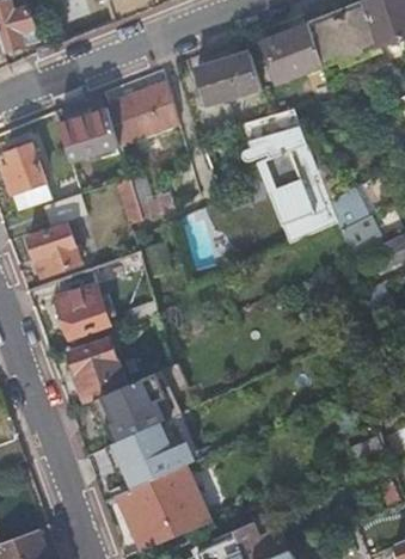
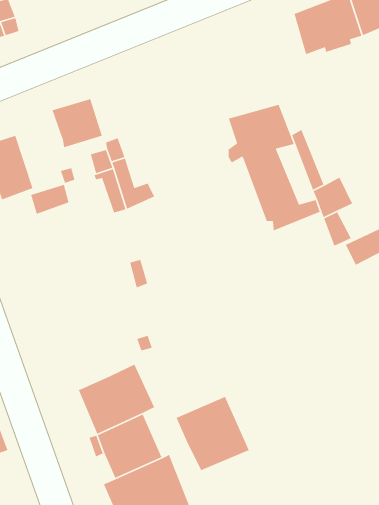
building: [263,23,321,82] -> none
building: [196,51,262,103] -> none
building: [105,80,178,146] -> none
building: [26,225,79,276] -> none
building: [55,284,108,337] -> none
building: [66,338,128,403] -> none
building: none -> [175,396,250,471]

